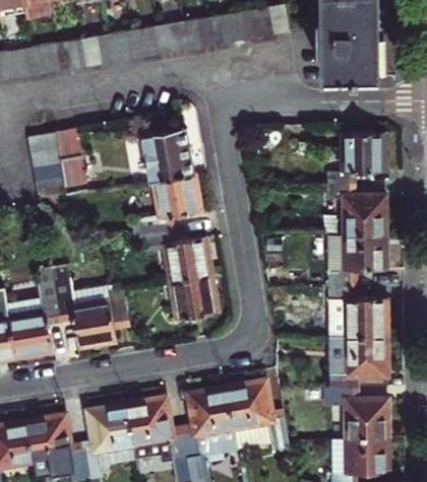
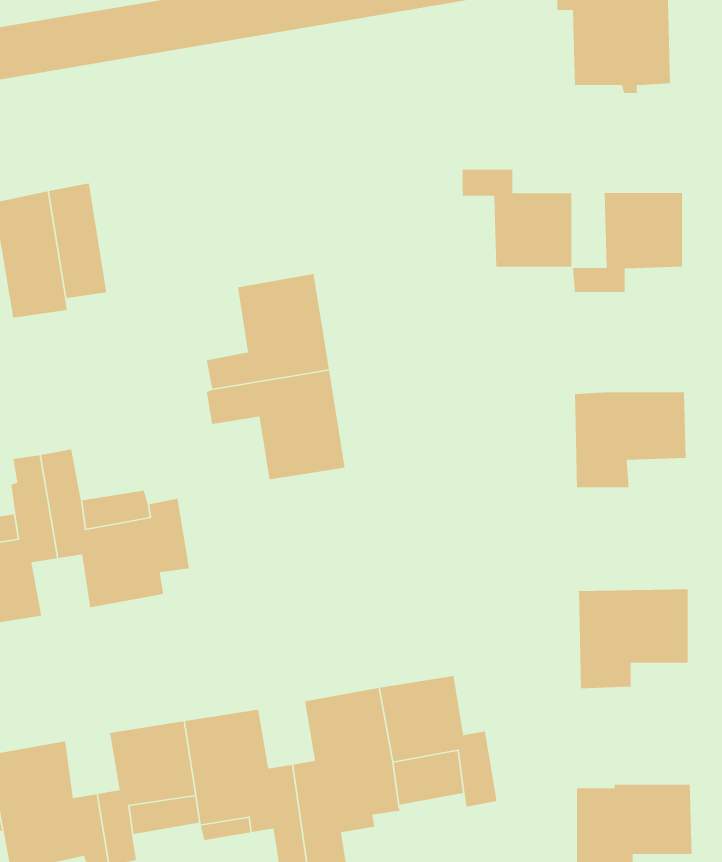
building: [143,128,193,180] -> none
building: [327,183,384,233] -> [462,169,572,267]
building: [170,273,217,317] -> none
building: [328,283,386,336] -> none
building: [324,386,387,435] -> none

